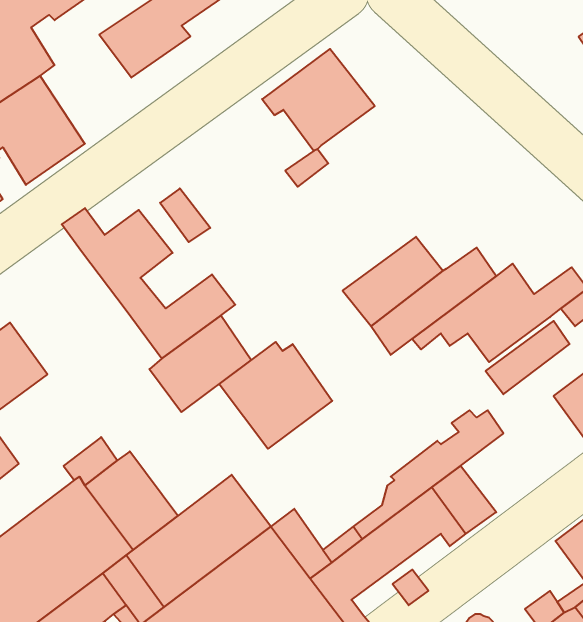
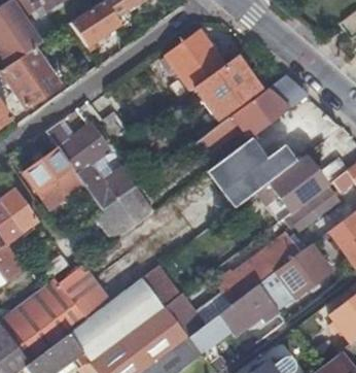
building: none -> [194,57,259,118]
building: none -> [188,74,308,162]
building: none -> [24,147,82,206]
building: [219,342,332,449] -> none
building: none -> [275,243,331,298]

